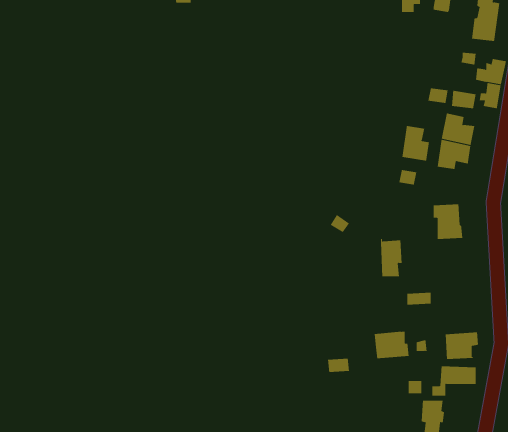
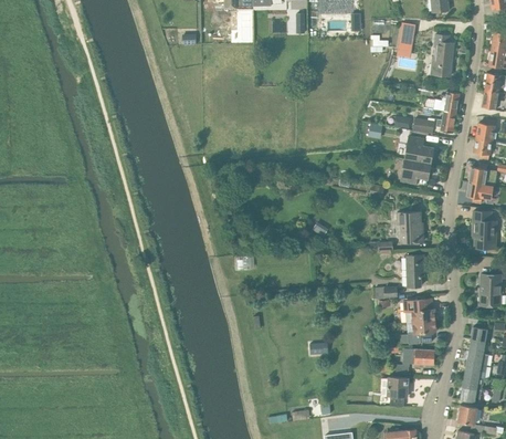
building: [402,125,429,161] -> none
building: [380,238,403,277] -> [405,254,424,286]
building: [374,331,409,359] -> [405,299,435,322]

